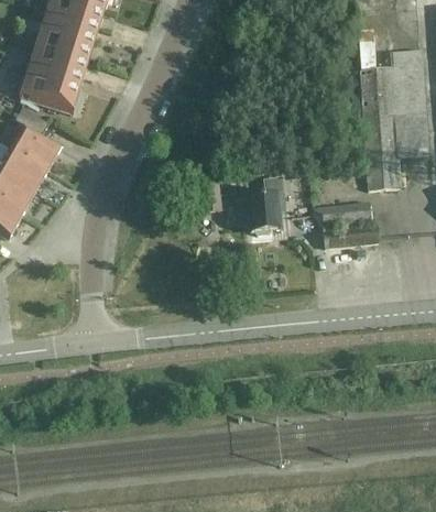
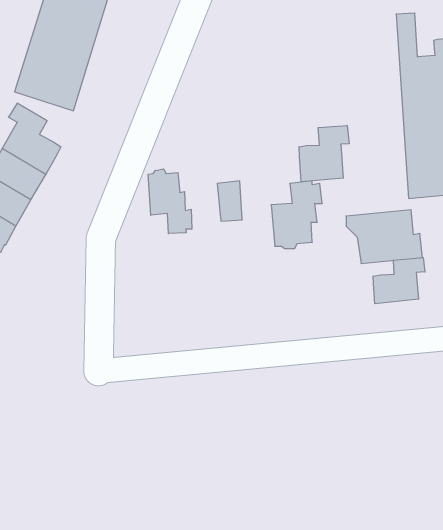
building: none -> [299,125,349,182]
building: none -> [148,169,192,234]
building: none -> [373,258,425,304]

